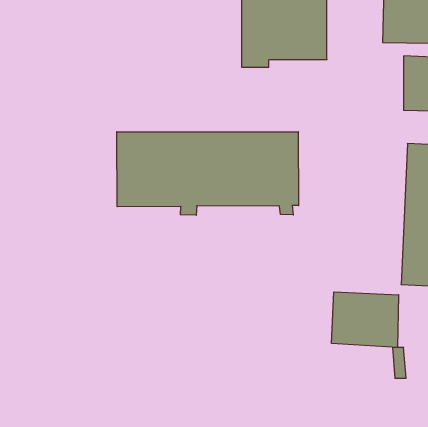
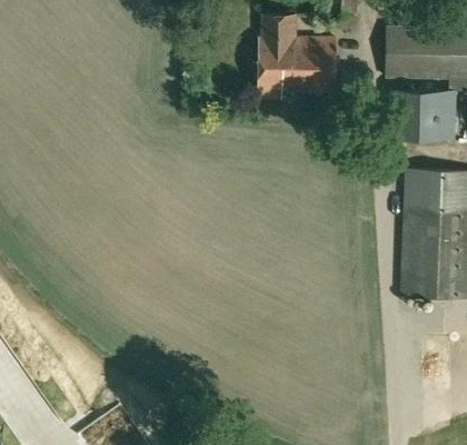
building: [117,132,299,215] -> none
building: [332,292,399,347] -> none

